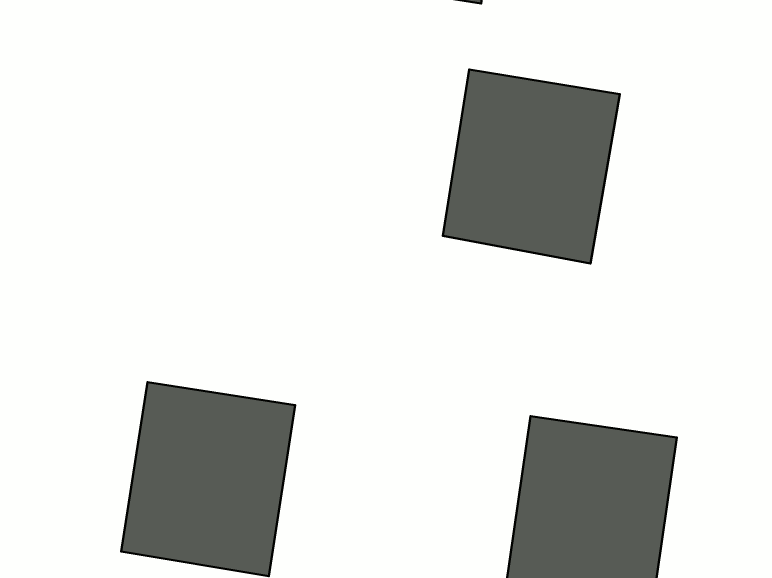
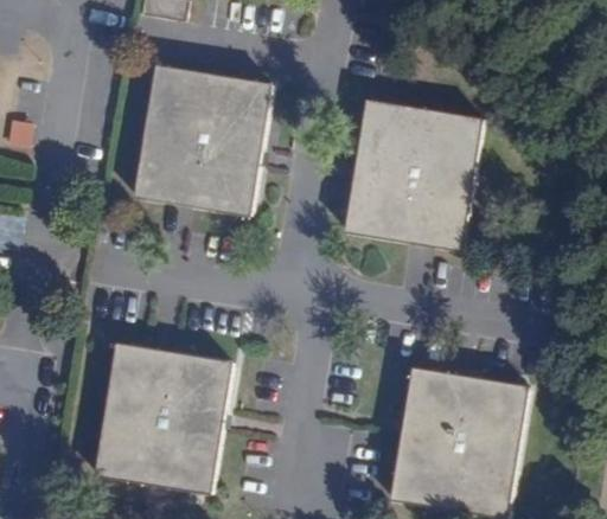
building: none -> [135,68,270,214]

